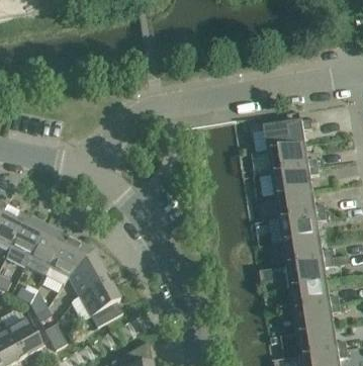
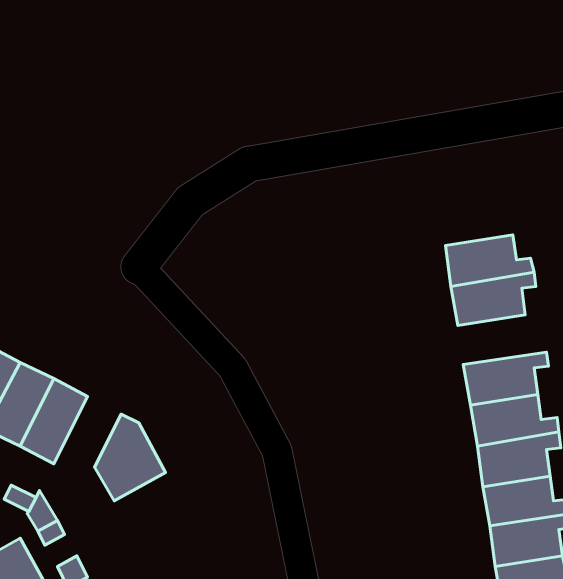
building: [252,118,311,152] -> none
building: [274,189,325,217] -> none
building: [43,236,82,283] -> none
building: [78,279,121,326] -> none

